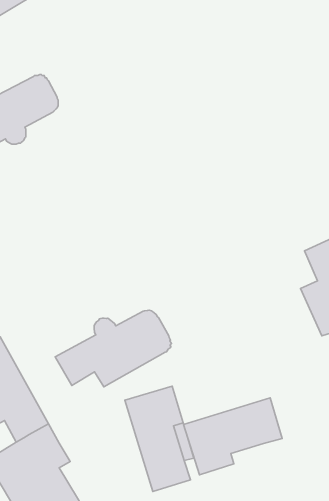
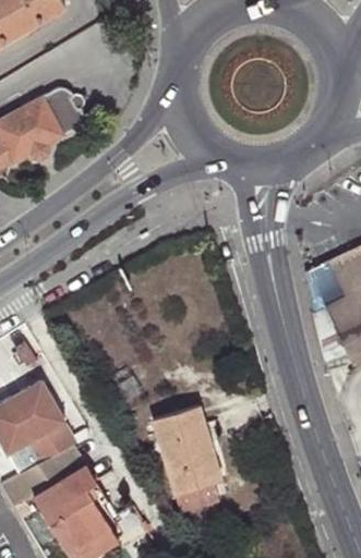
building: [55,310,171,387] -> none
building: [184,398,282,475] -> none

